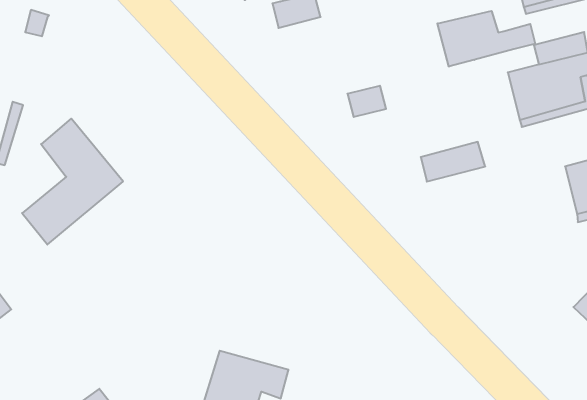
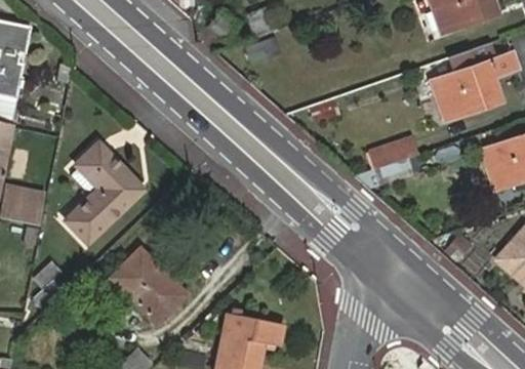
building: [437,11,535,67] -> none
building: none -> [112,249,185,323]

